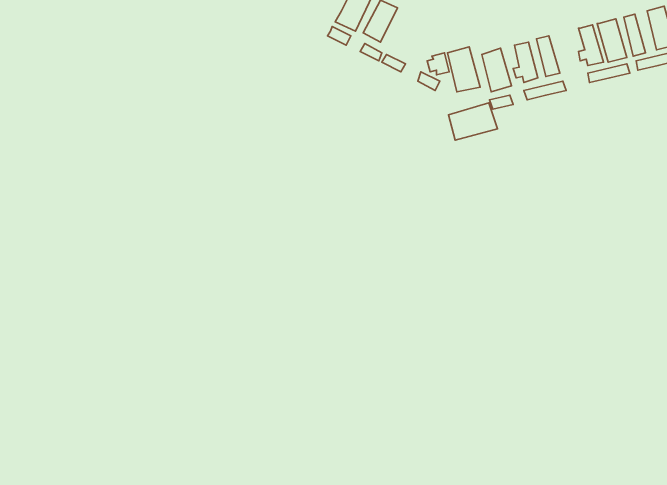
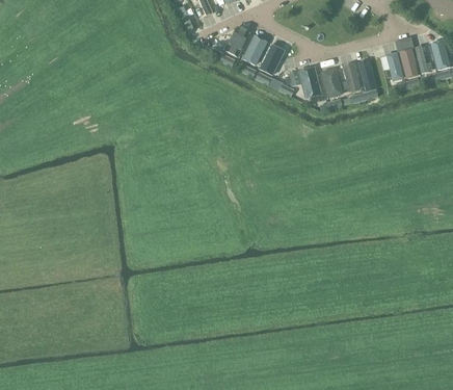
building: none -> [259,44,285,74]
building: [449,103,497,140] -> none

